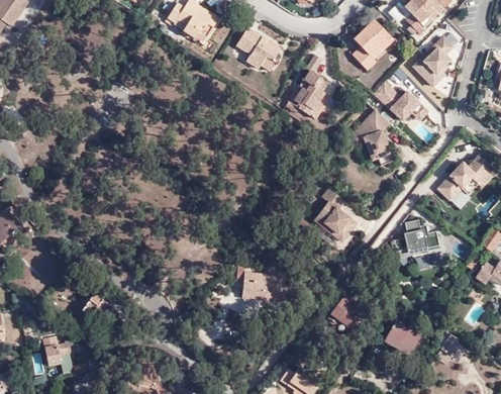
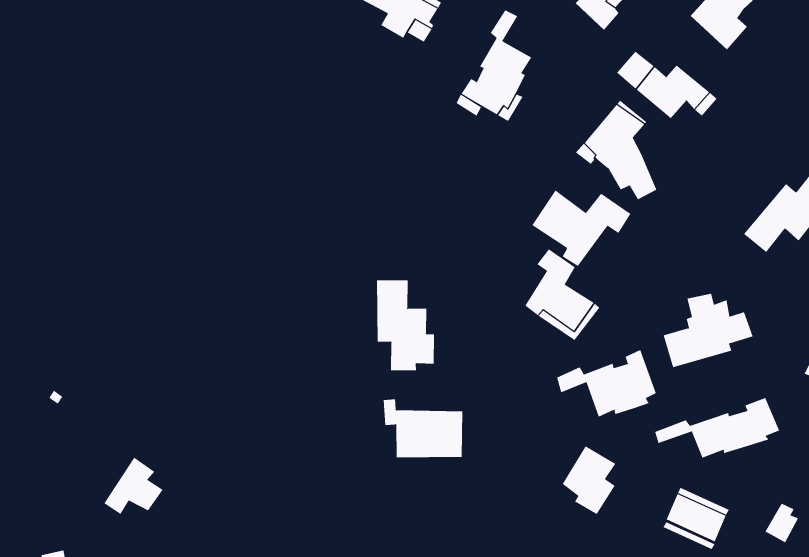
building: none -> [531,190,631,267]
building: none -> [377,279,435,371]
building: none -> [556,349,656,418]
building: none -> [655,397,780,459]

